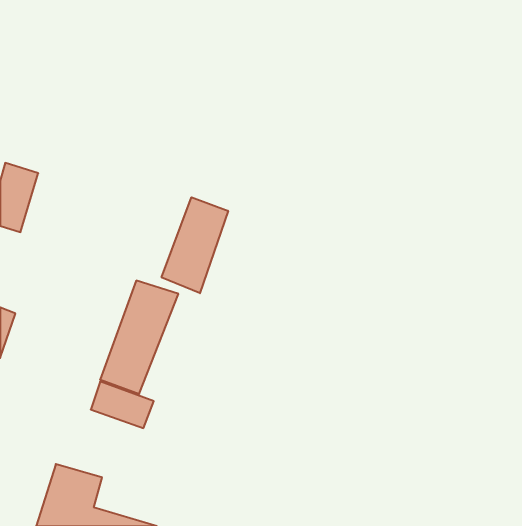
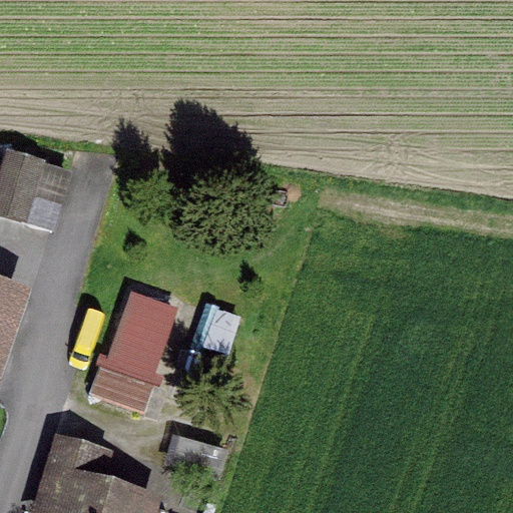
building: [162,197,228,293] -> none

